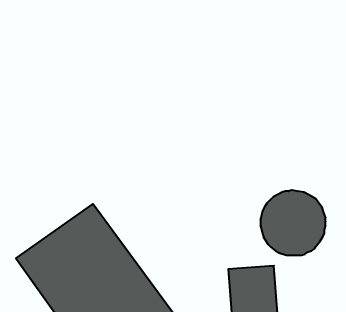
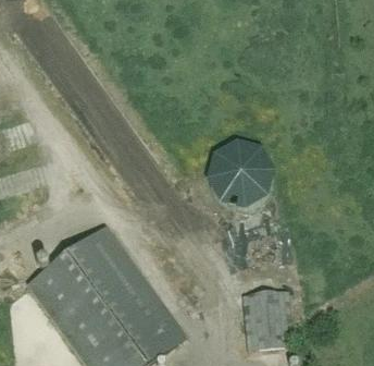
building: [260,190,326,255] -> [208,142,273,207]

